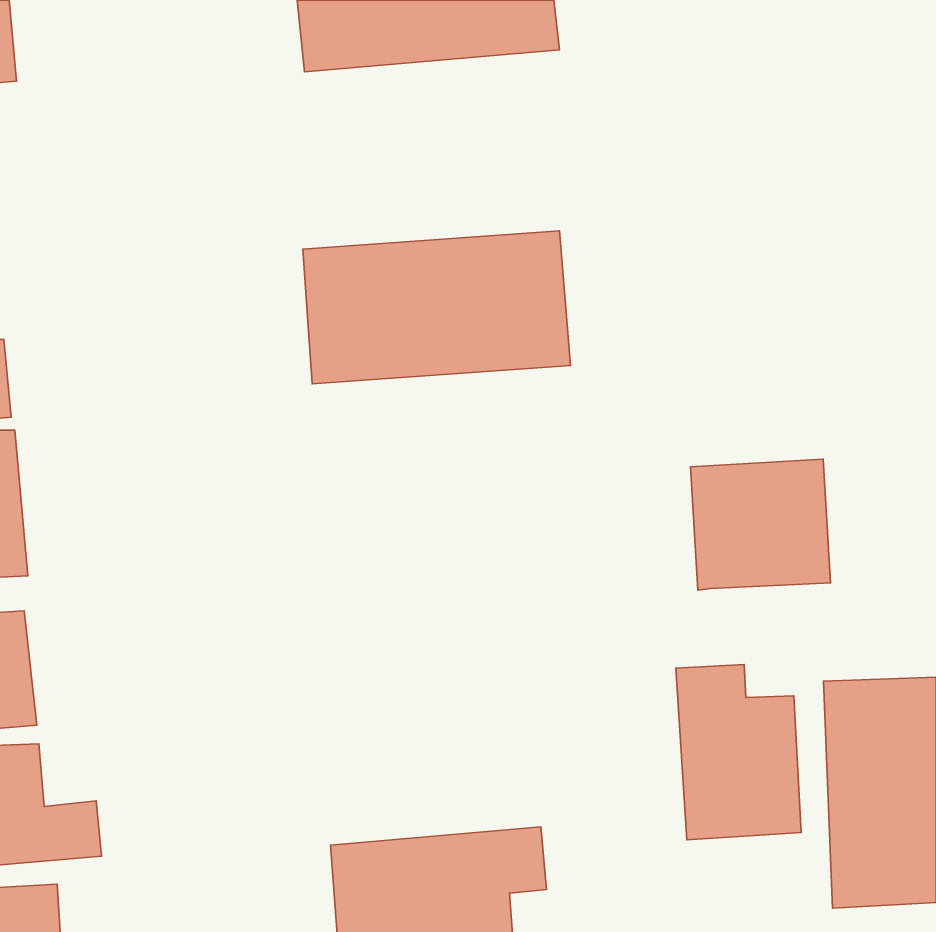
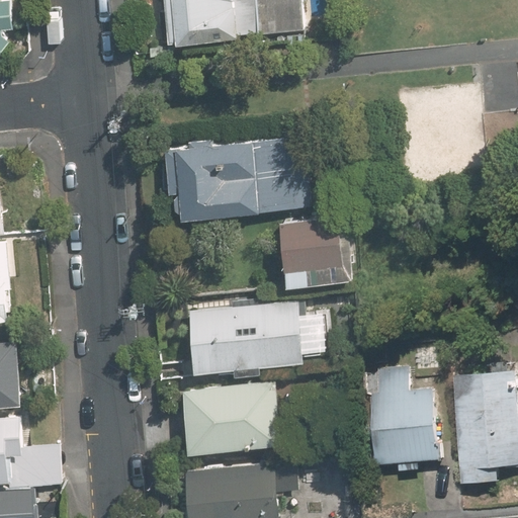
building: [690,459,831,590] -> [278,214,355,286]
building: none -> [188,305,339,371]
building: none -> [180,383,282,450]

